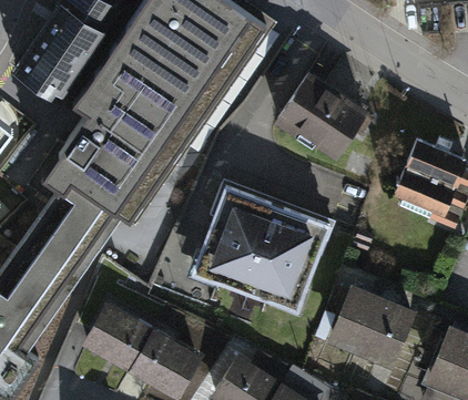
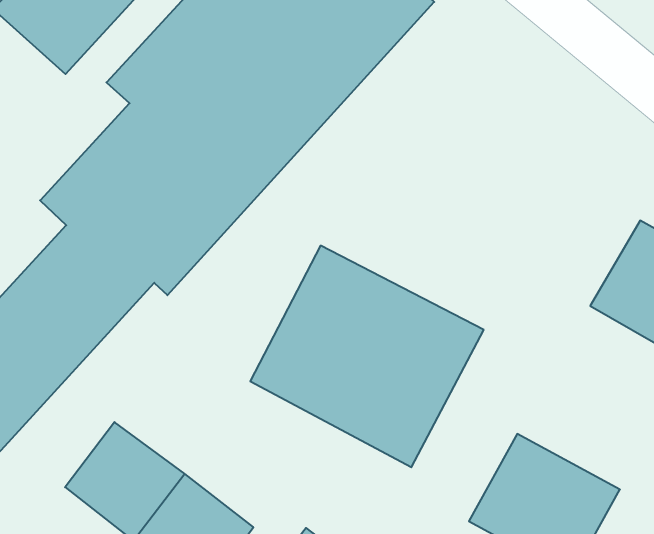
building: [277,72,372,162] -> none

